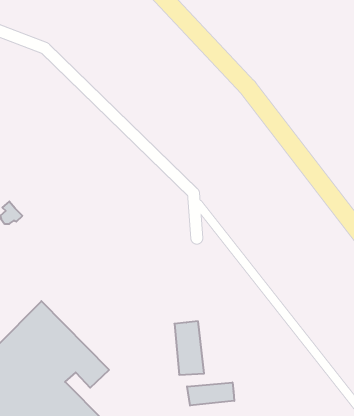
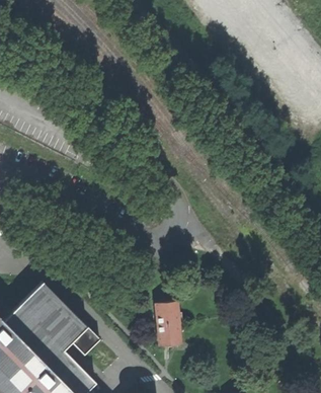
building: [187,382,234,406] -> none

